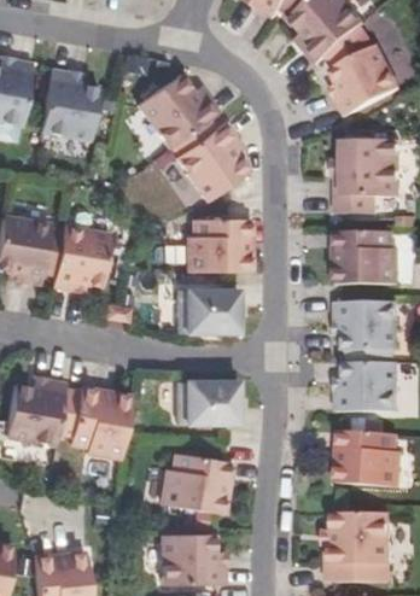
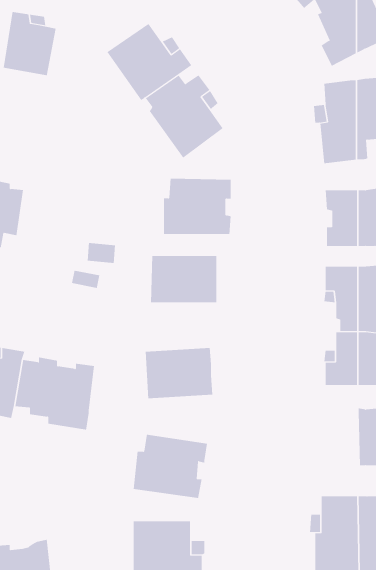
building: [54,234,112,297] -> none
building: [337,437,371,491] -> none

